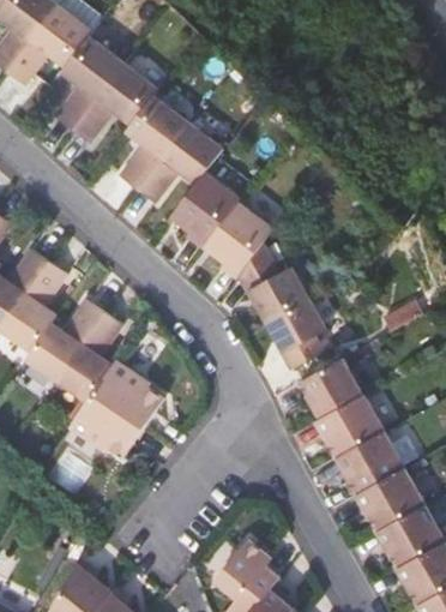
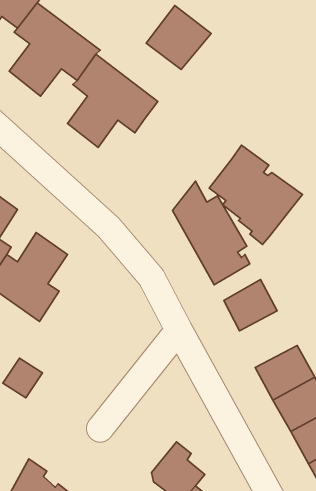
building: none -> [146,5,211,69]
building: [173,170,279,284] -> [209,145,302,245]
building: [71,364,163,461] -> none
building: [314,390,384,456] -> none

